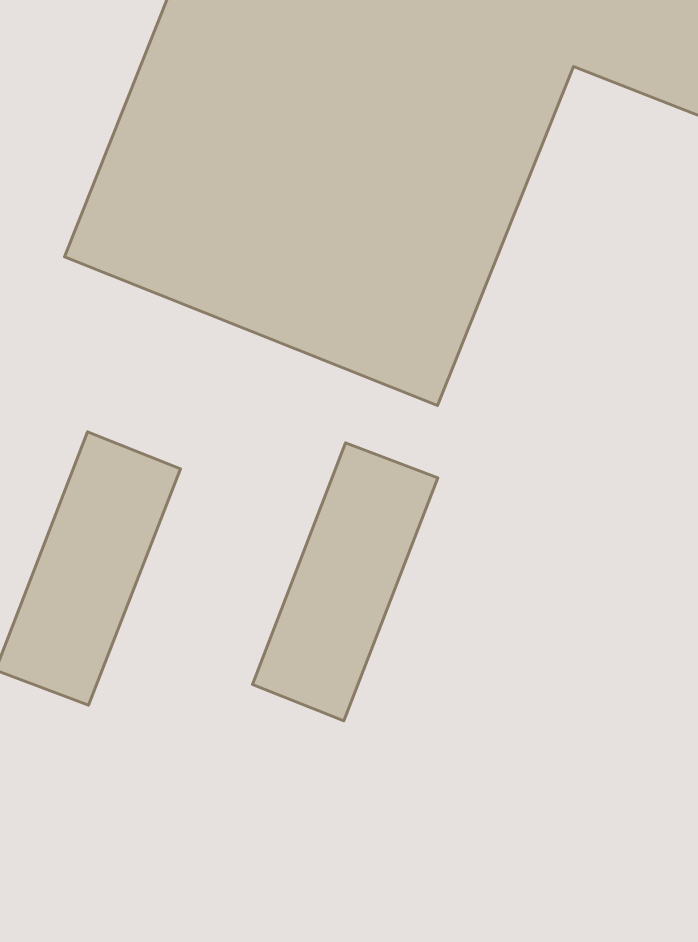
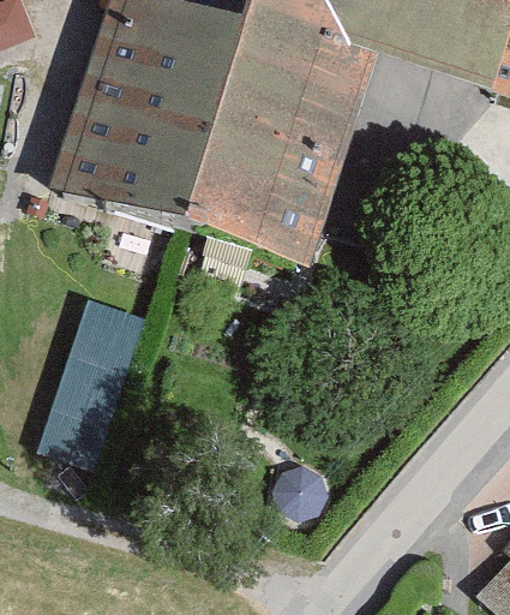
building: [252,443,438,721] -> none

